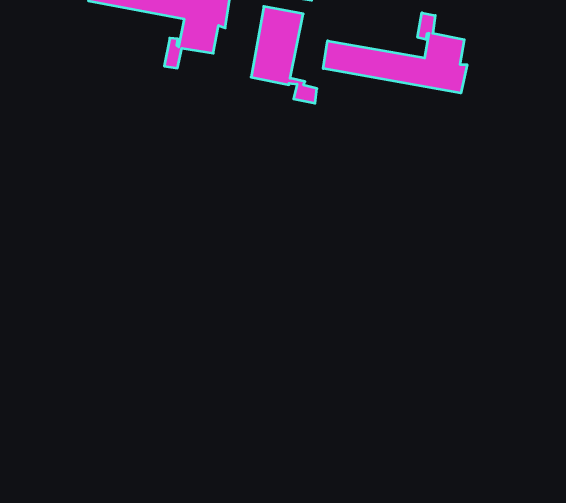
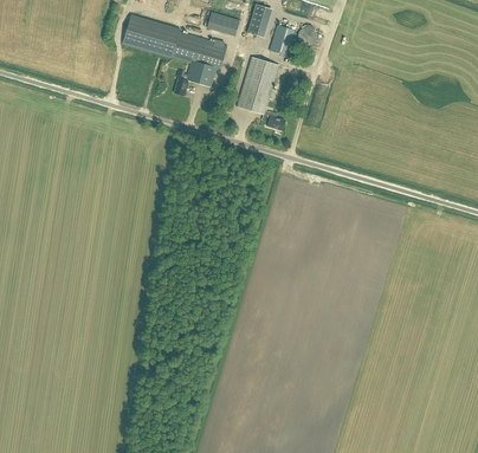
building: [323,13,467,93] -> none

